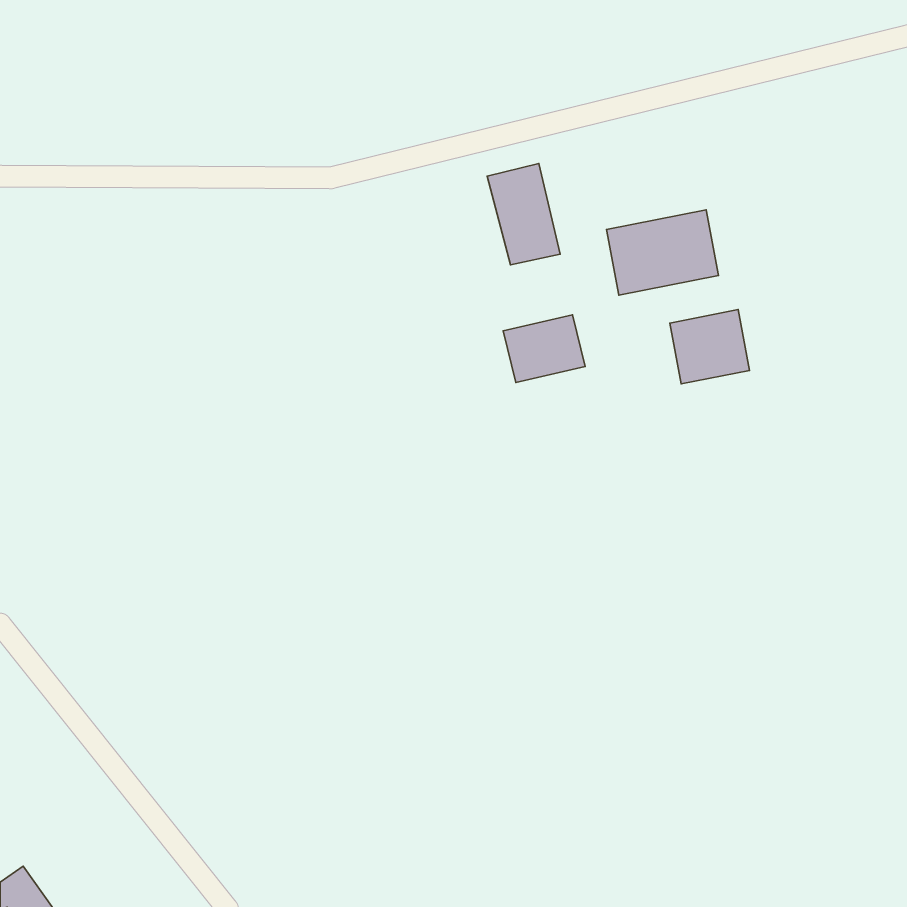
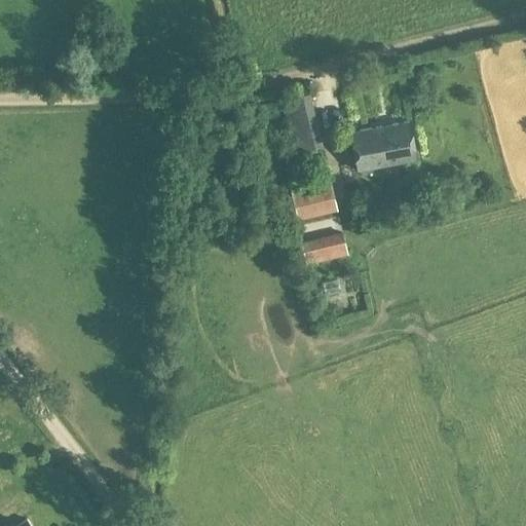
building: [670,310,749,384] -> none
building: none -> [302,233,349,265]

